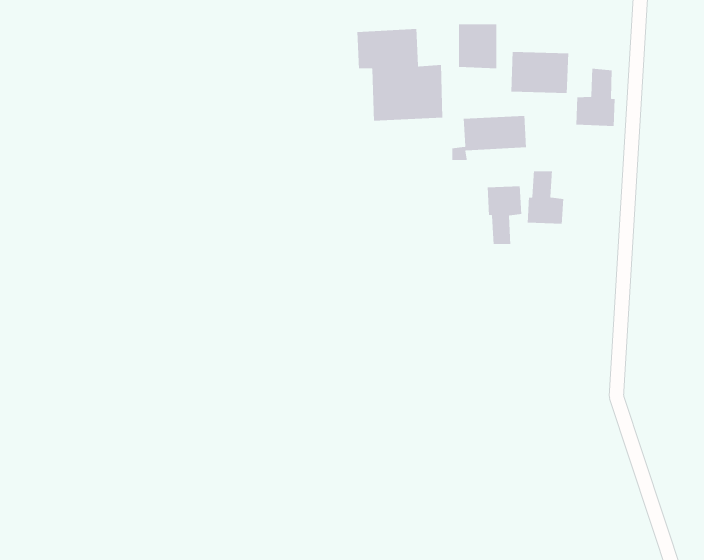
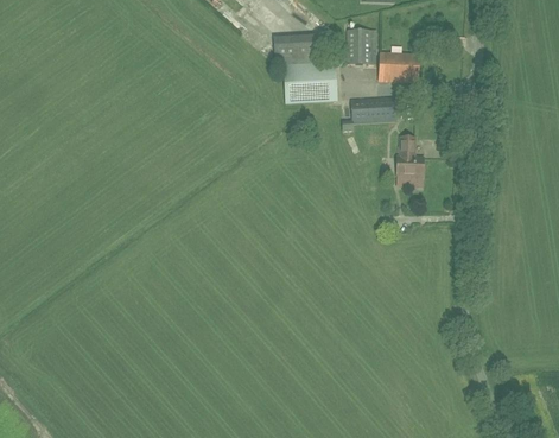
building: [576,68,615,127] -> none
building: [487,186,522,245] -> none

